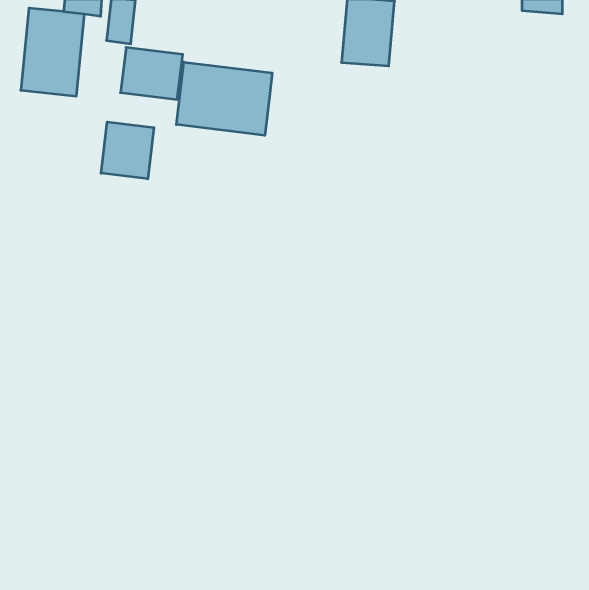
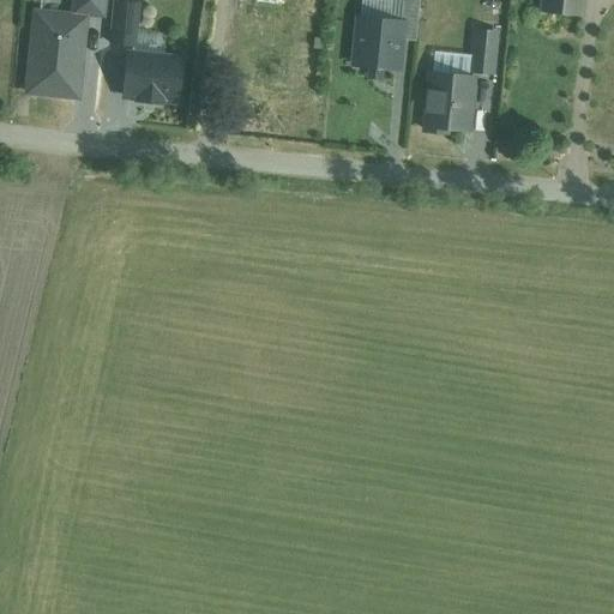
building: none -> [425,25,504,132]
building: [176,62,272,135] -> none
building: [101,122,154,179] -> none

